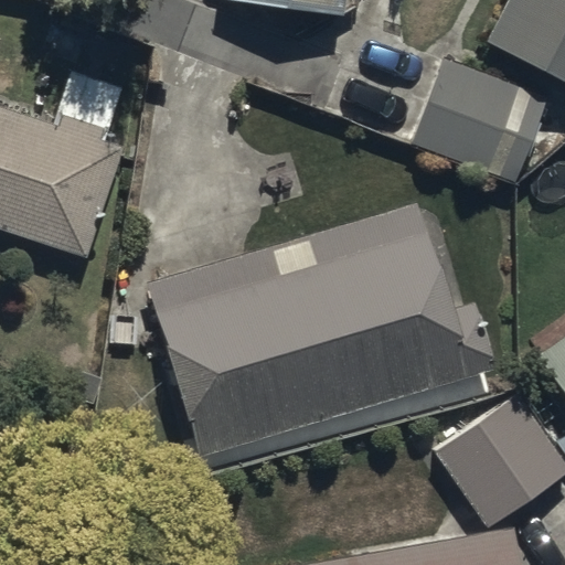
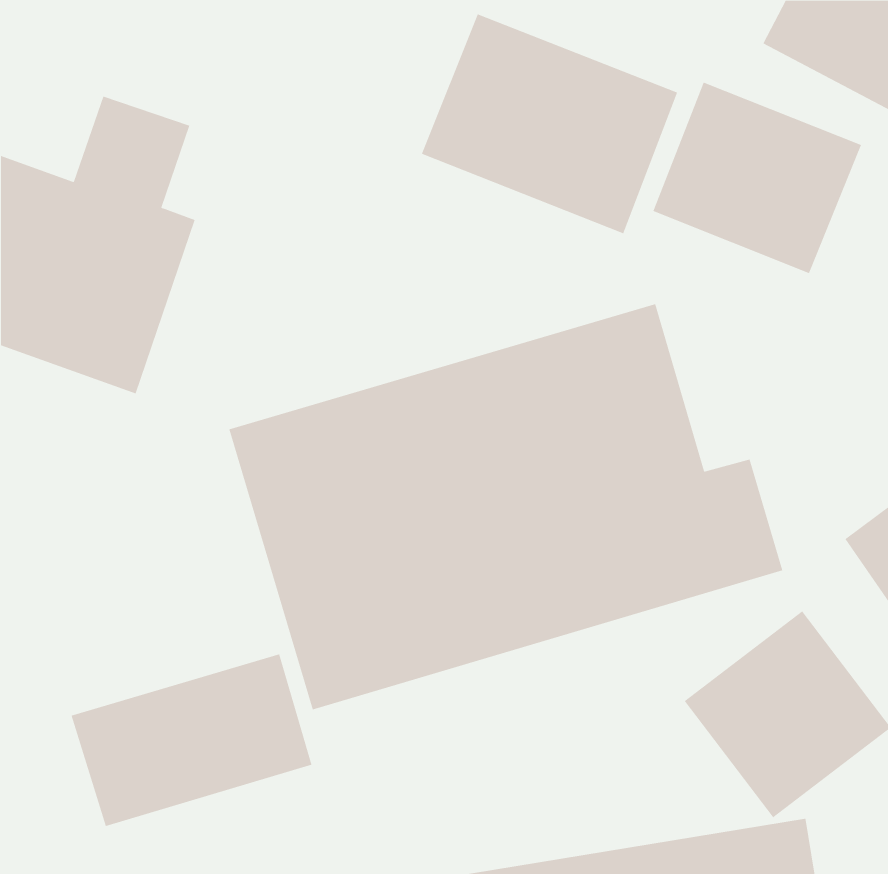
building: none -> [421,14,678,234]
building: none -> [71,654,312,827]

